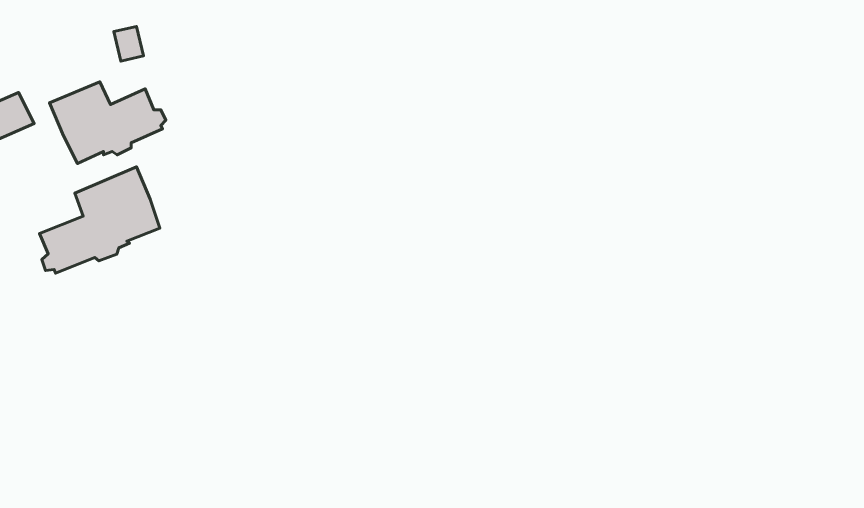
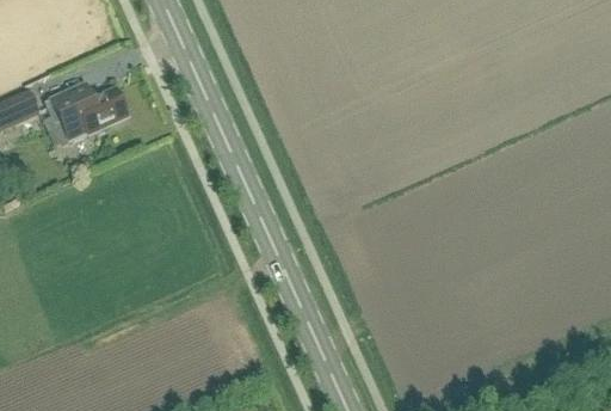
building: [39,167,160,273] -> none

